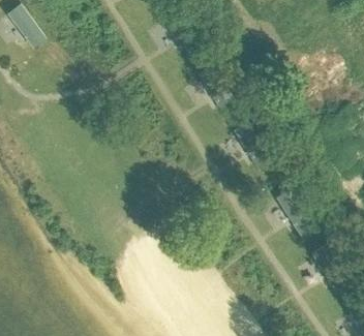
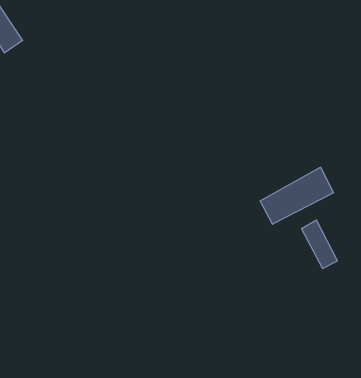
building: none -> [260,167,334,224]

